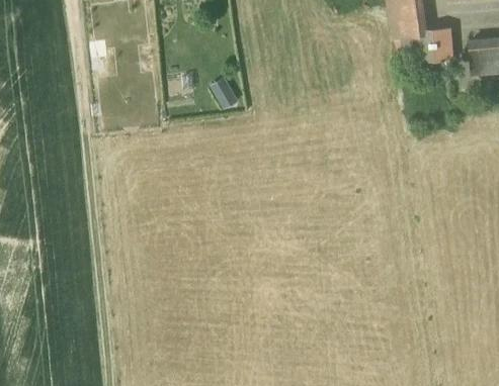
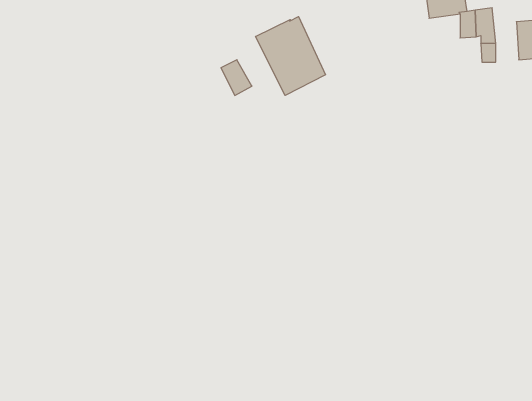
building: none -> [256,17,326,95]

